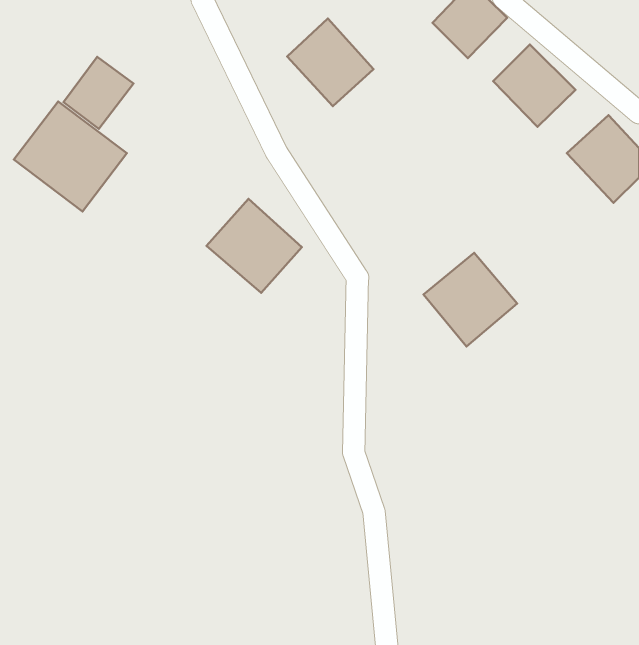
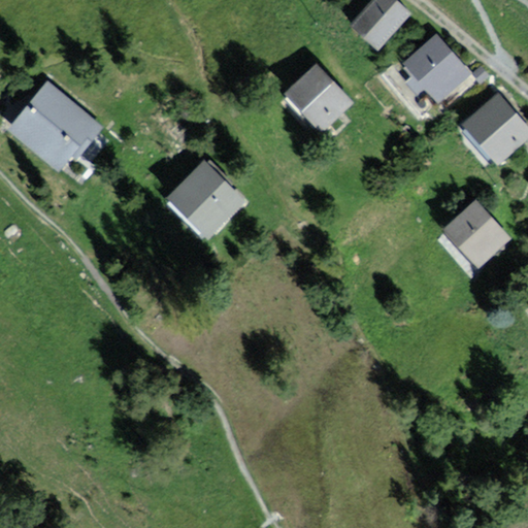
building: [287,19,373,106] -> [285,63,355,134]
building: [64,57,133,129] -> none
building: [424,253,517,346] -> [434,200,510,276]

